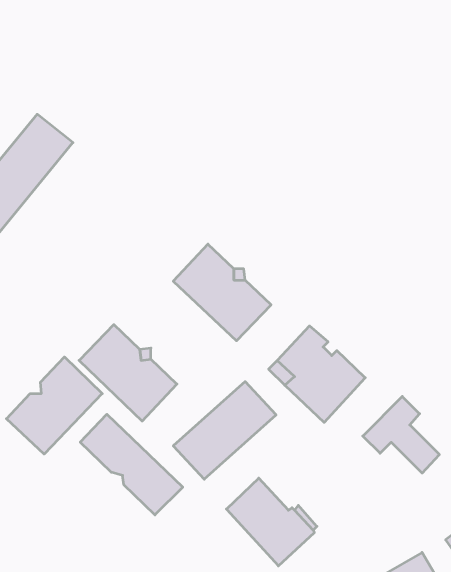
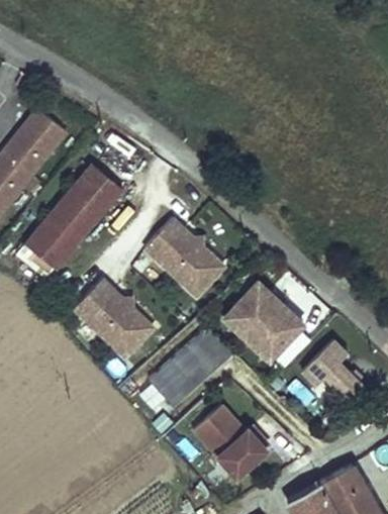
building: none -> [27,167,124,272]
building: [6,357,102,454] -> none
building: [80,414,183,515] -> none

